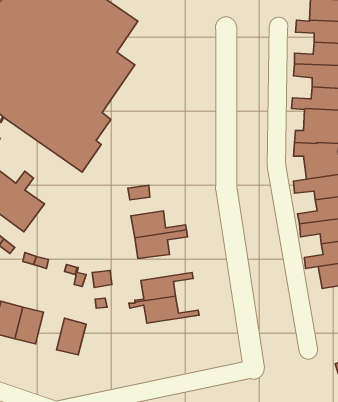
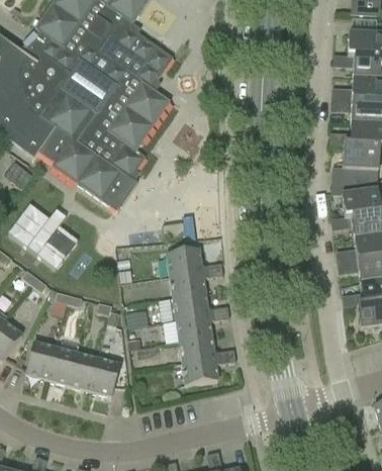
building: none -> [173,293,228,319]
building: none -> [69,352,98,390]
building: none -> [182,355,236,385]

